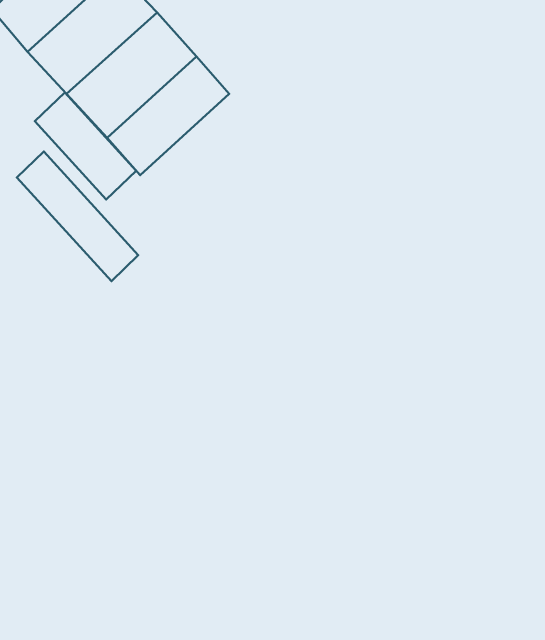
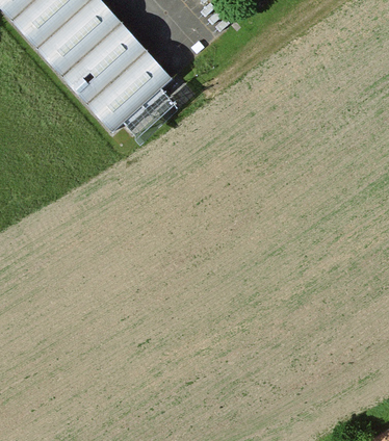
building: [35,93,136,199] -> none
building: [17,151,138,281] -> none

